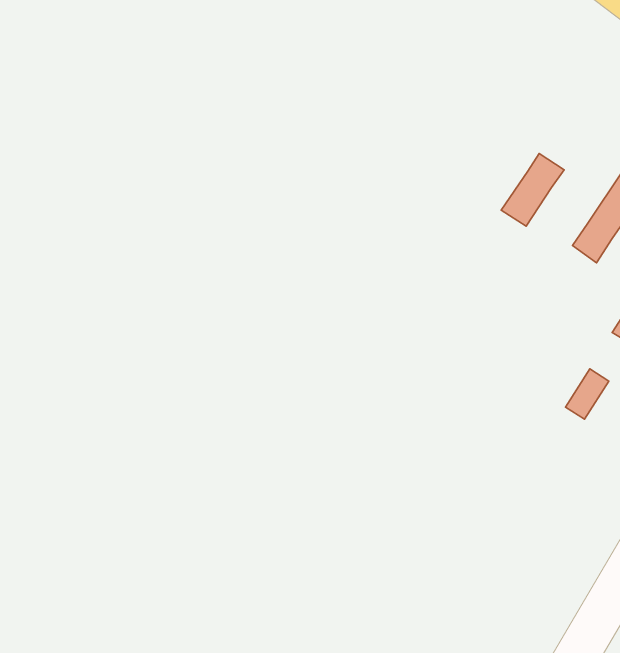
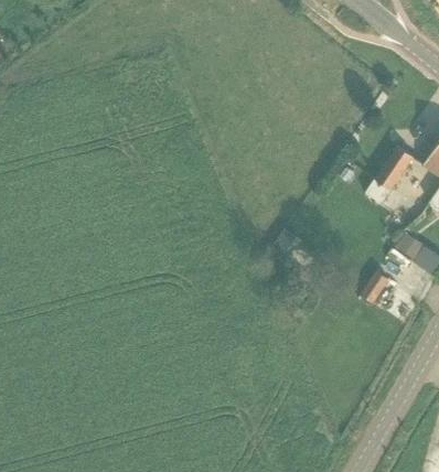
building: [501,154,564,226] -> none

